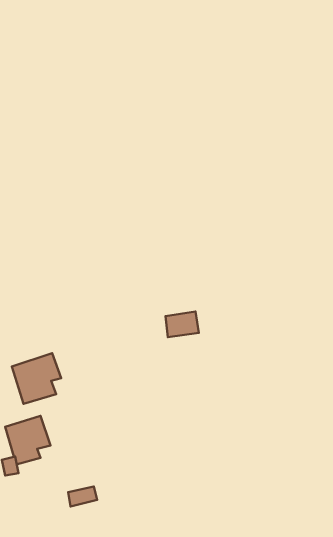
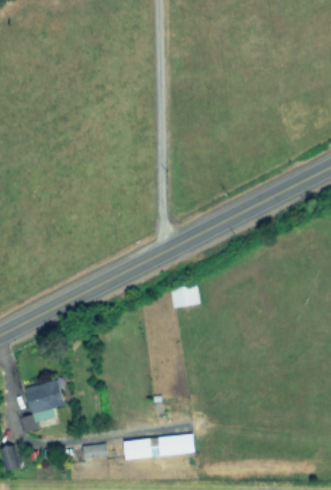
building: [12,353,61,404] -> none
building: none -> [123,433,195,459]

